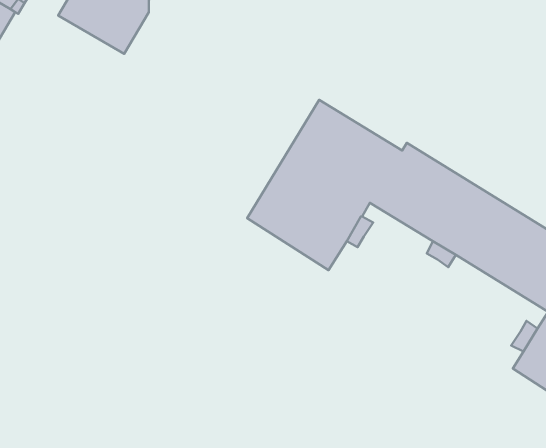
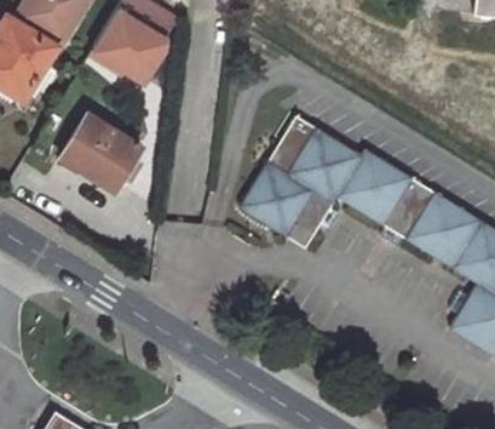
building: none -> [62,108,142,190]

